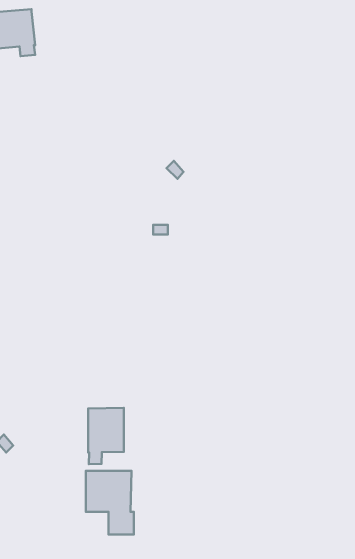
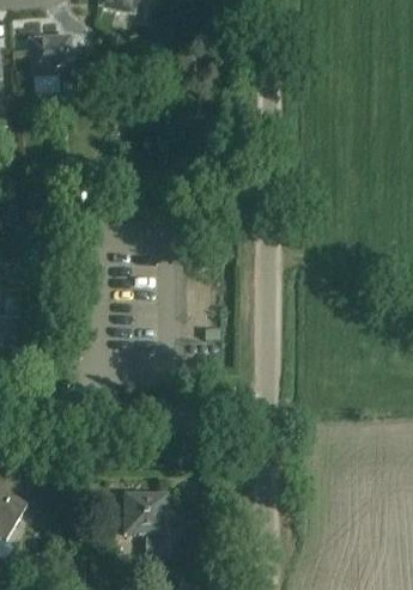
building: [88,408,124,464] -> none

